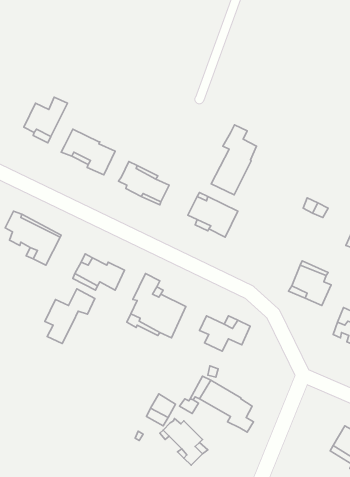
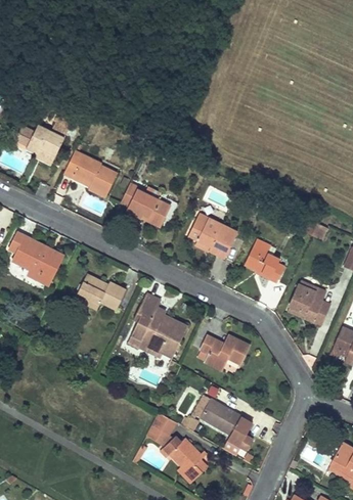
building: [211,125,257,195] -> none
building: none -> [245,246,284,282]
building: [45,289,95,344] -> none

